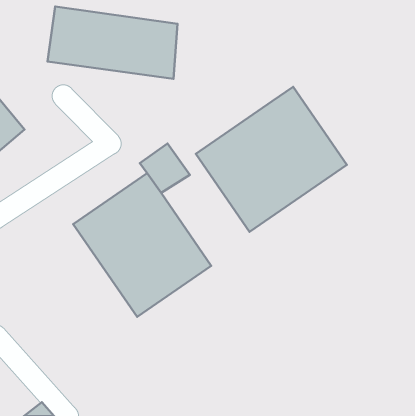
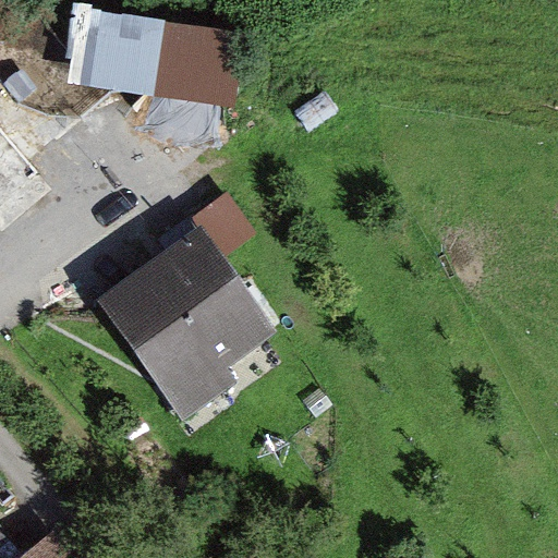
building: [196,87,347,232] -> none

